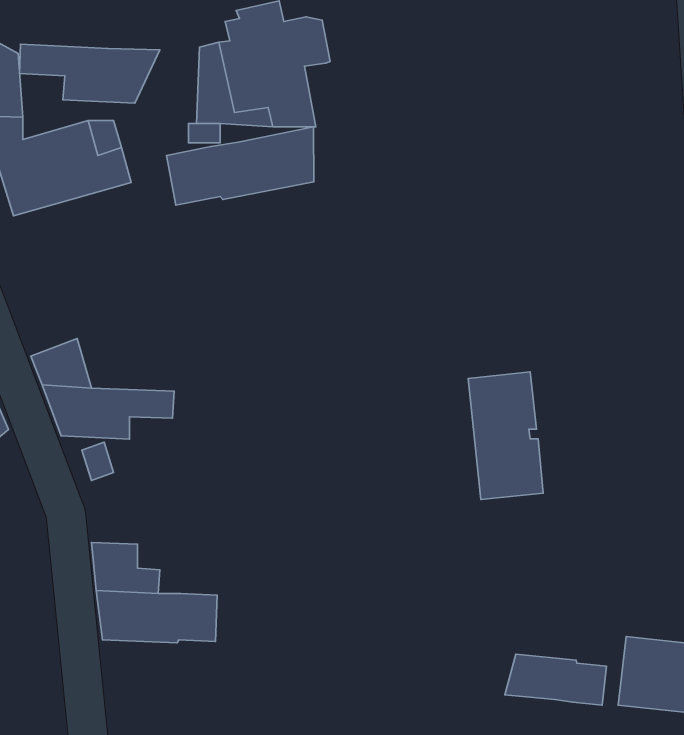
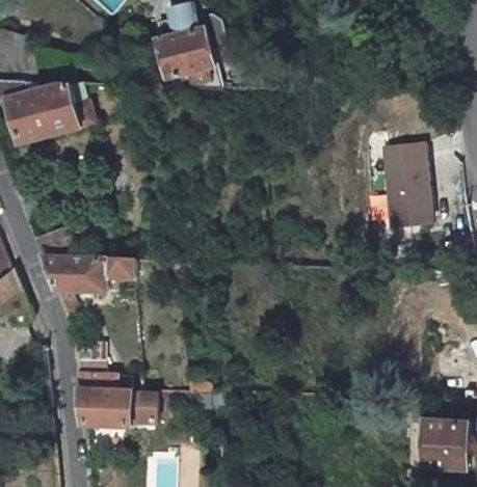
building: [20,44,160,103] -> none
building: [166,127,314,205] -> none
building: [468,372,543,499] -> [381,142,430,225]
building: [505,654,606,705] -> none

